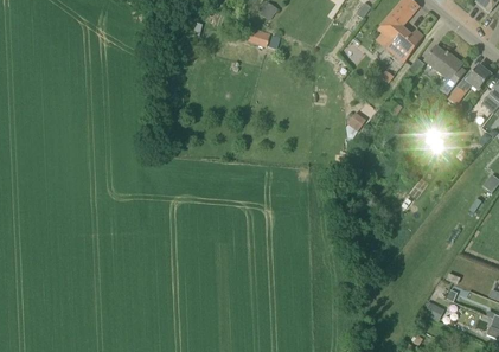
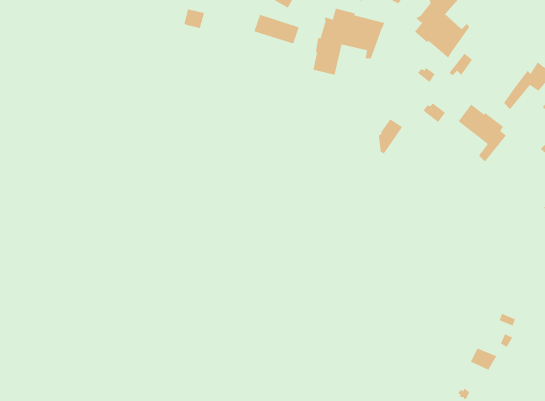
building: none -> [313,8,385,75]
building: [424,44,465,92] -> [458,104,507,163]

